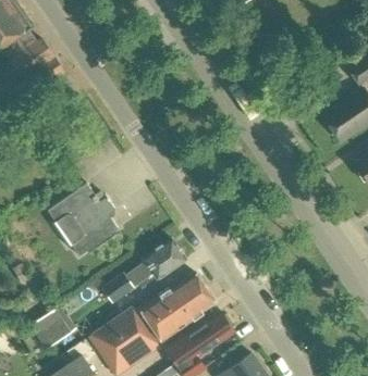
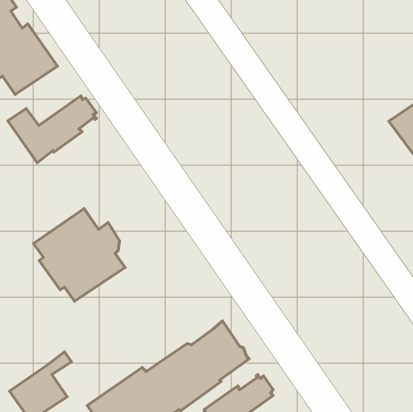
building: none -> [8,96,96,163]
building: [101,239,185,302] -> none

